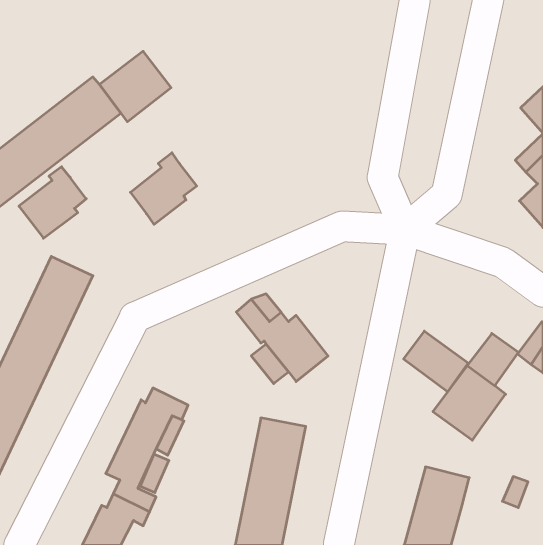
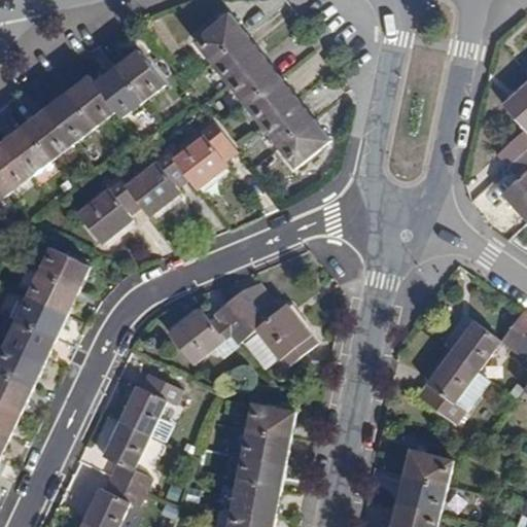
building: none -> [194,13,329,168]
building: none -> [173,121,236,188]
building: [19,167,86,238] -> [76,175,141,244]
building: none -> [168,301,251,364]
building: [404,331,468,392] -> none

